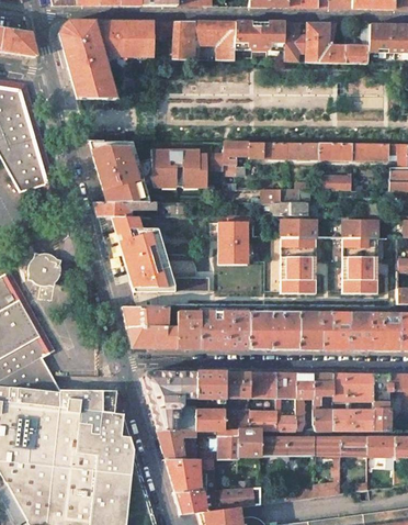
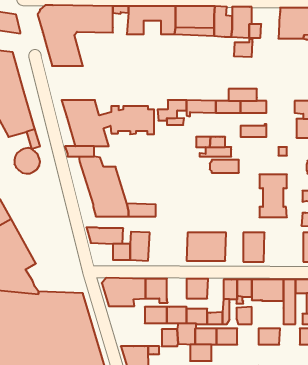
building: [343,41,367,64] -> [234,39,253,57]
building: [351,144,387,159] -> [229,89,257,101]
building: [340,221,377,237] -> none
building: [218,222,247,264] -> none
building: [281,238,316,293] -> none
building: [29,253,61,286] -> [14,148,40,174]
building: [200,313,250,349] -> none
building: [298,313,321,350] -> none
building: [348,313,398,350] -> none
building: [126,326,155,348] -> none
building: [224,372,249,398] -> none
building: [275,372,296,399] -> none
building: [149,406,195,429] -> none
building: [332,409,373,431] -> none
building: [158,436,195,459] -> none
building: [314,436,341,457] -> [190,345,212,361]
building: [367,436,394,457] -> none

